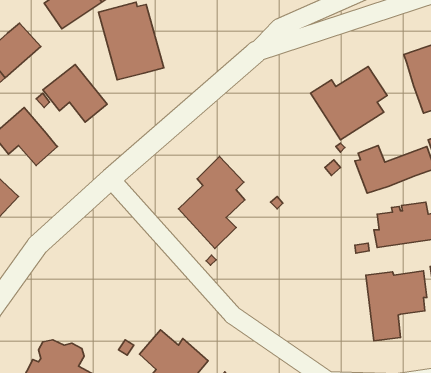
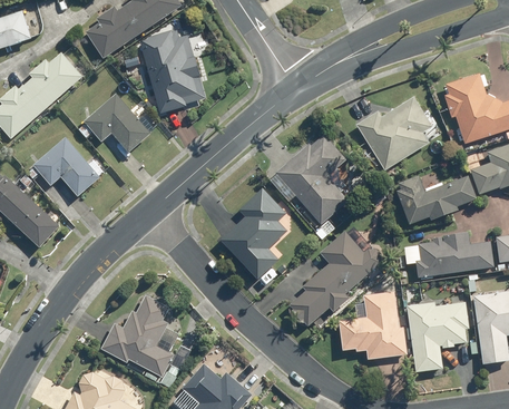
building: none -> [278,135,348,224]
building: none -> [290,233,380,327]
building: none -> [100,292,178,374]
building: none -> [336,292,407,361]

